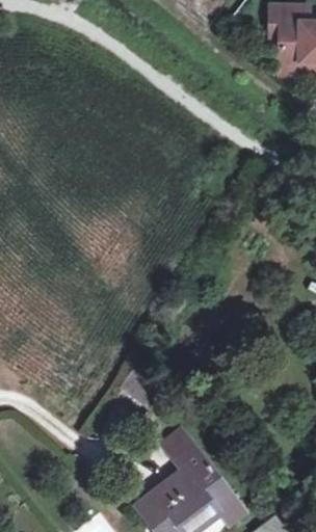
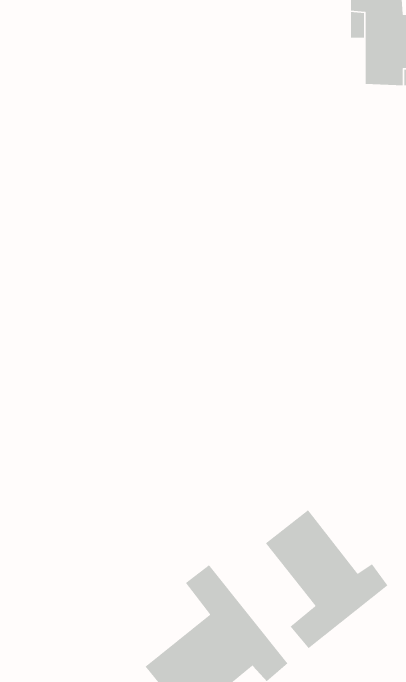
building: none -> [265,509,388,649]

